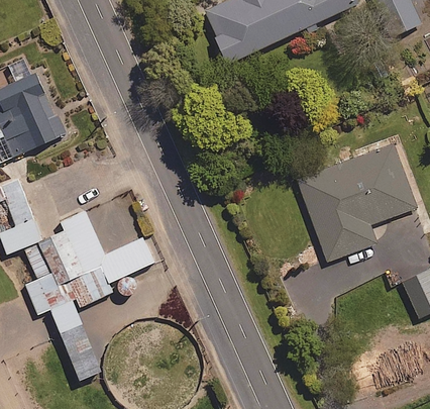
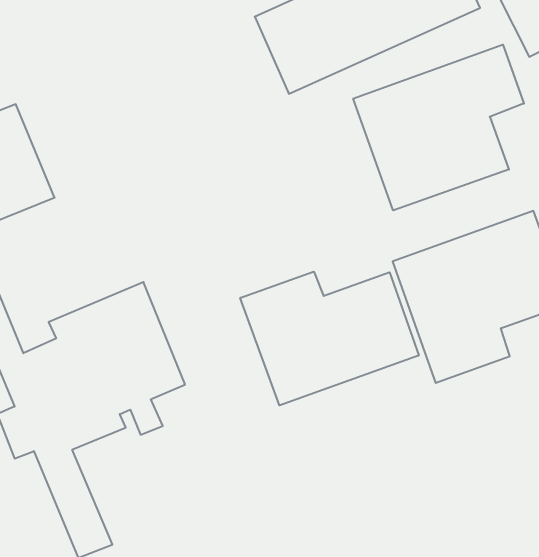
building: none -> [353,45,524,210]
building: none -> [240,272,419,405]

